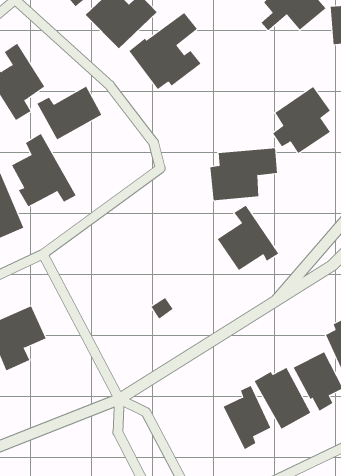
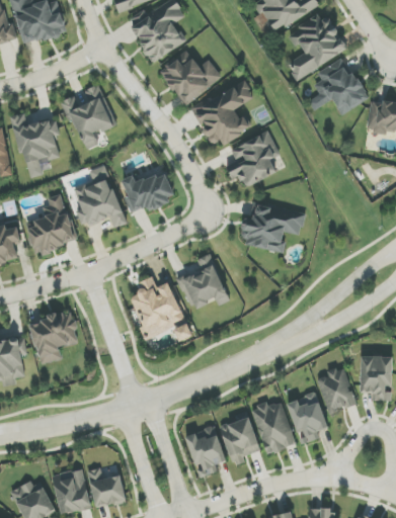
building: [37,86,102,140] -> [121,171,175,213]
building: [272,86,331,154] -> [226,131,280,186]
building: [217,205,279,271] -> [178,253,230,309]
building: none -> [129,275,185,338]
building: none -> [185,424,226,477]

